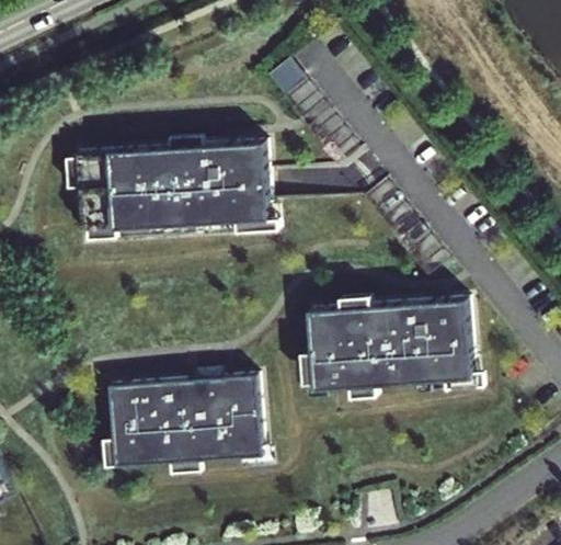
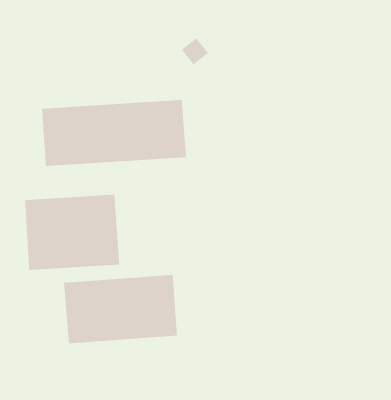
building: none -> [25,194,120,271]
building: [308,297,471,389] -> none

